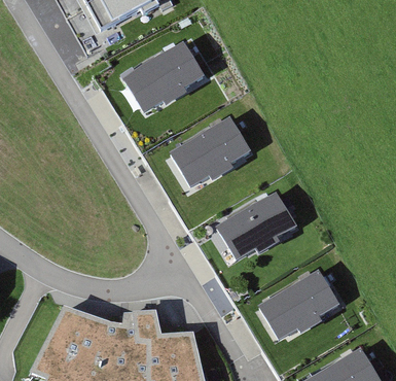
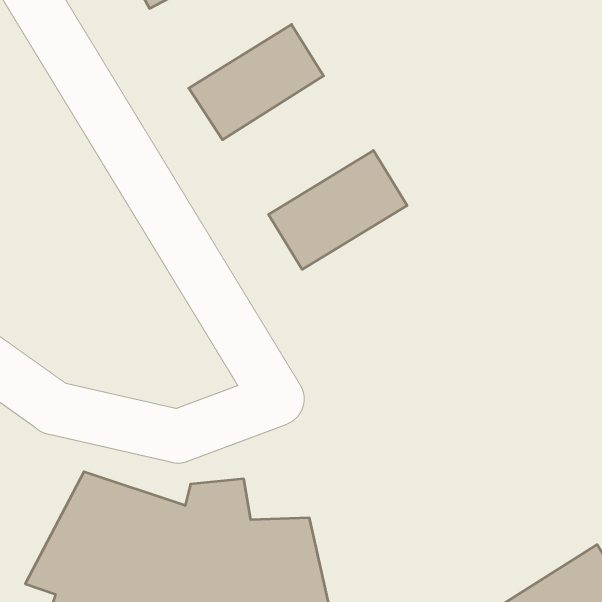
building: [218,194,296,261] -> none
building: [260,271,338,338] -> none

